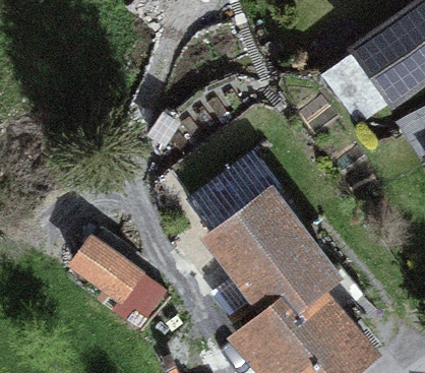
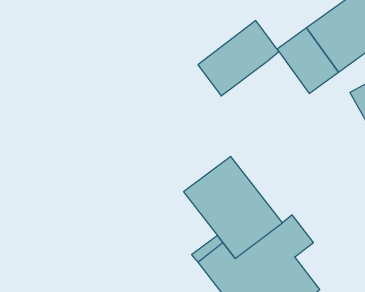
building: [188,160,281,246] -> [198,21,279,96]
building: [73,234,160,314] -> none

